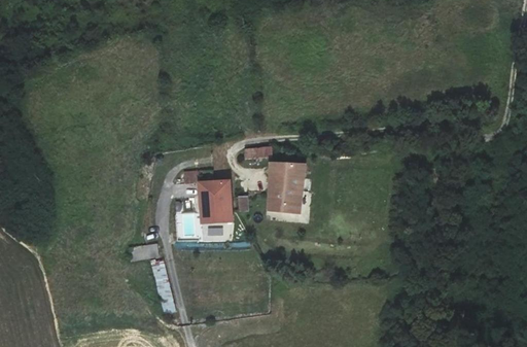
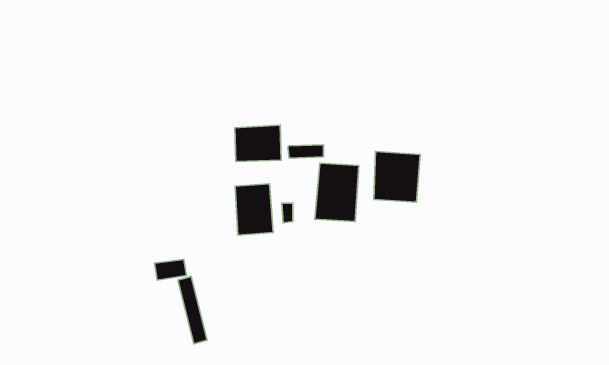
building: none -> [235,125,281,162]
building: none -> [374,152,420,202]

